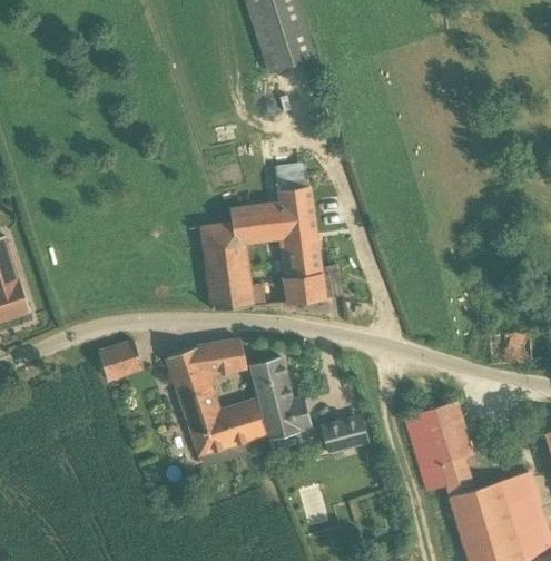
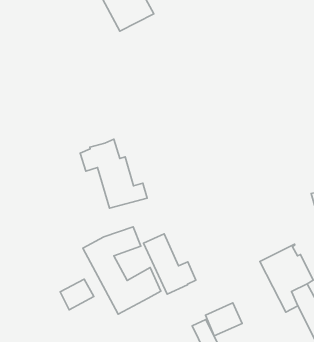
building: [233,163,343,303] -> none
building: [98,342,142,380] -> [60,279,94,310]
building: [321,416,368,456] -> [206,303,242,336]

